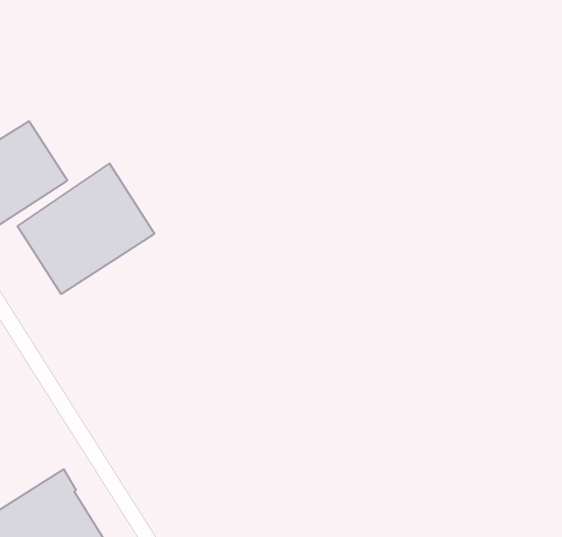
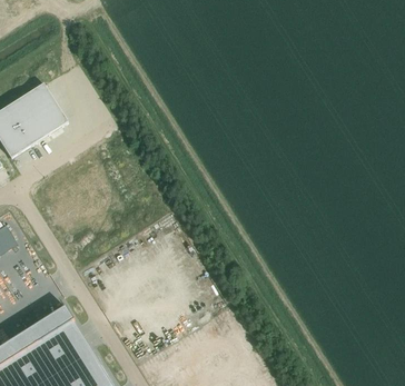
building: [17,163,154,294] -> none

